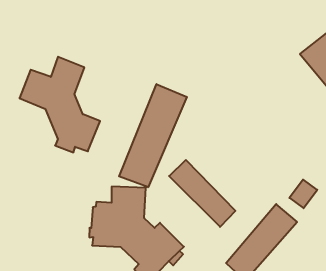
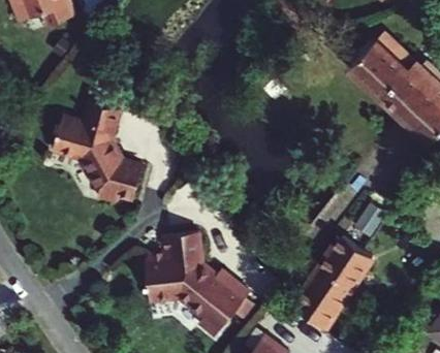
building: [119,84,187,187] -> none
building: [169,160,235,227] -> none

